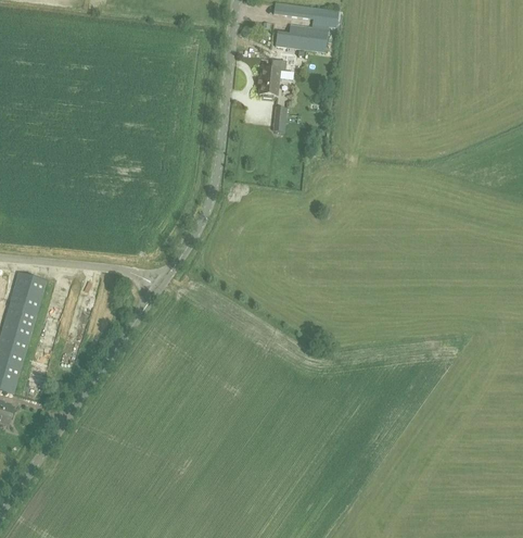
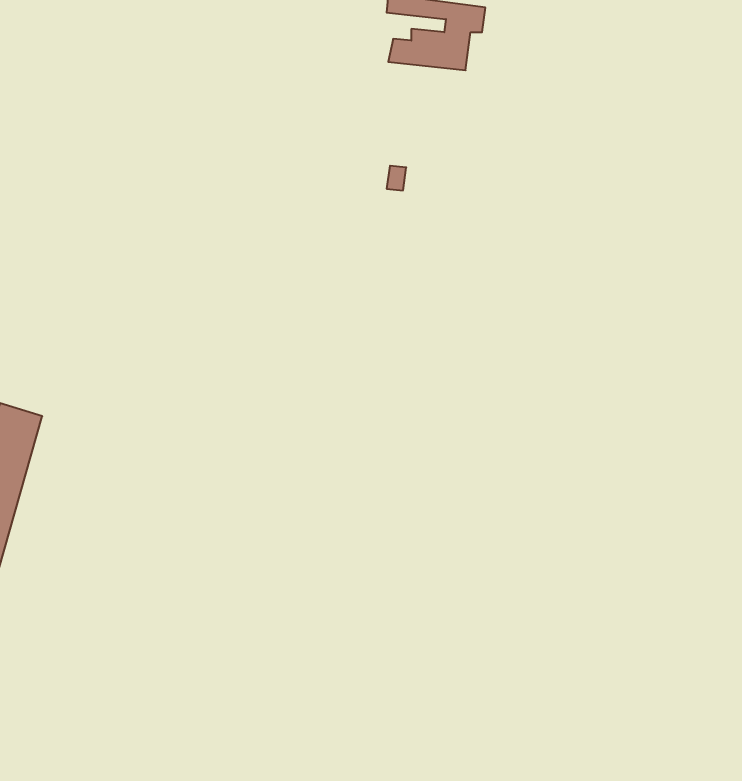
building: [258,59,285,97] -> none

